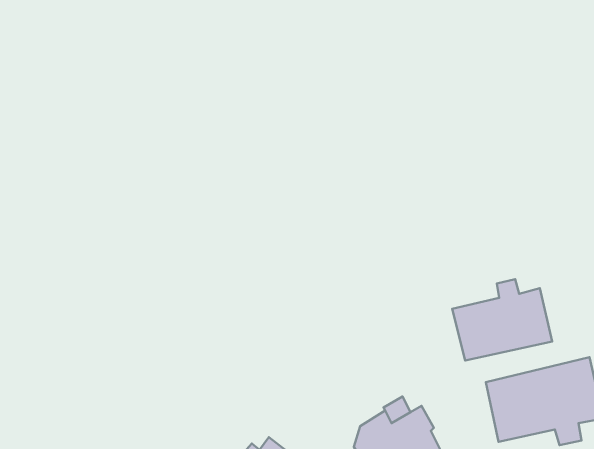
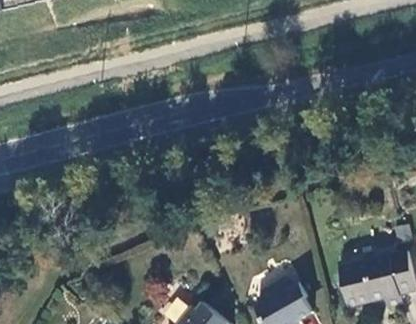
building: [452,279,552,361] -> none

